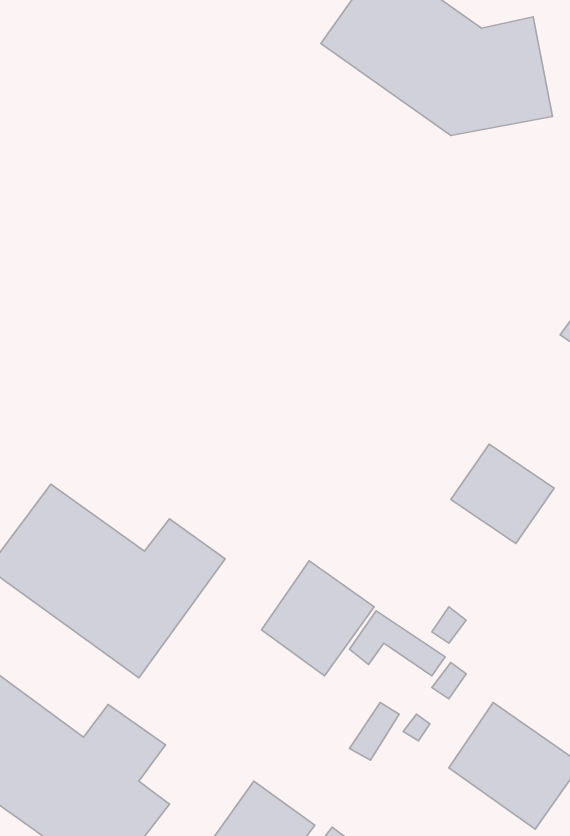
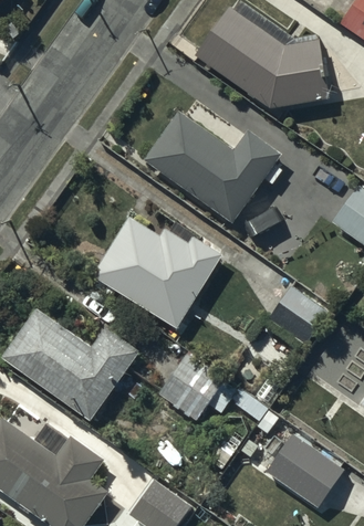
building: none -> [143,111,280,222]
building: none -> [91,215,221,328]

